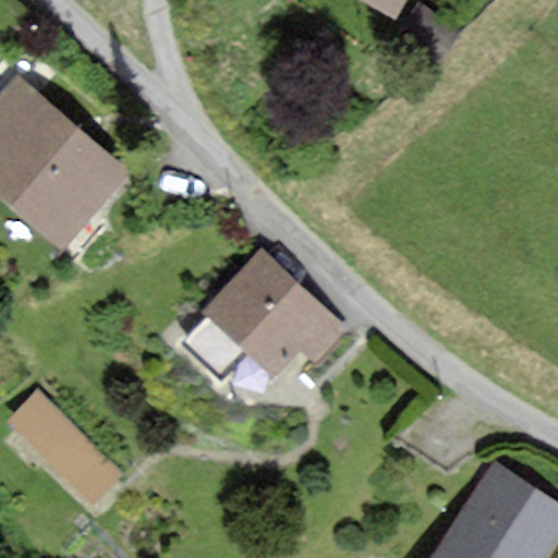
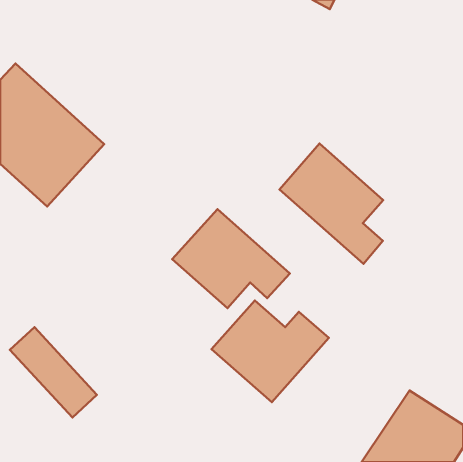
building: none -> [280,143,383,264]
building: none -> [211,300,329,402]

